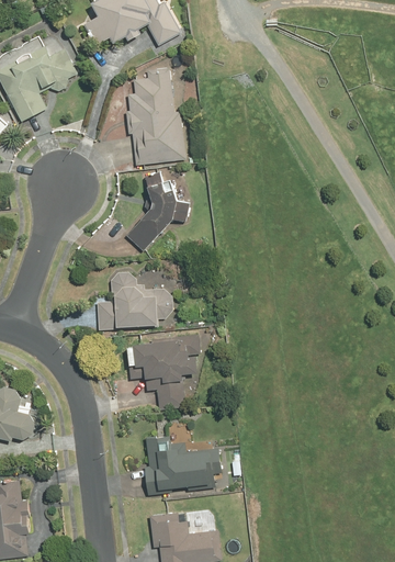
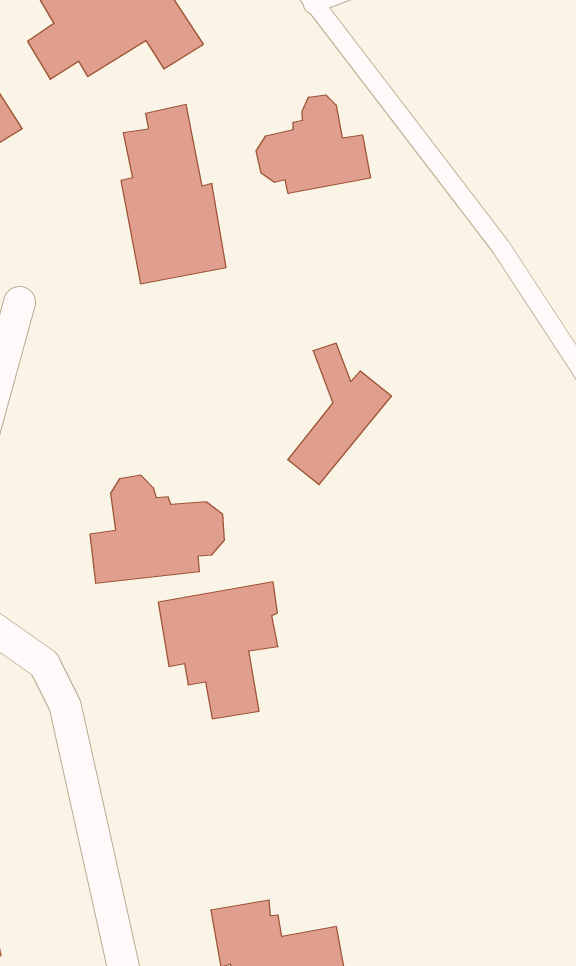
building: none -> [256,95,370,194]
building: [126,172,187,250] -> [288,343,392,485]
building: [143,435,219,493] -> none

